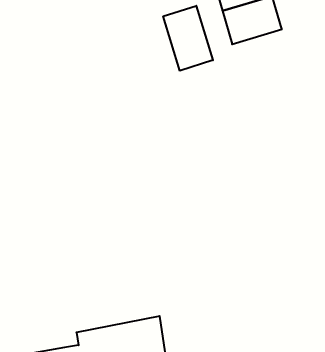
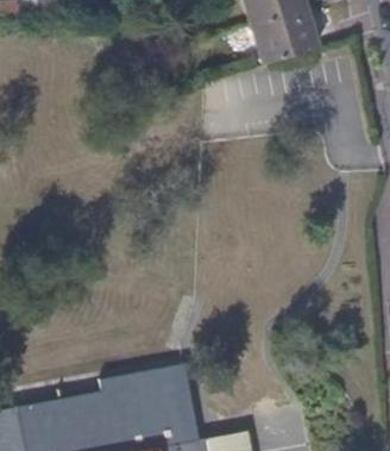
building: [163,6,213,71] -> none

